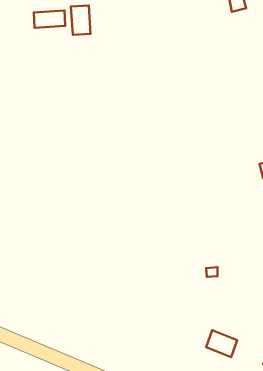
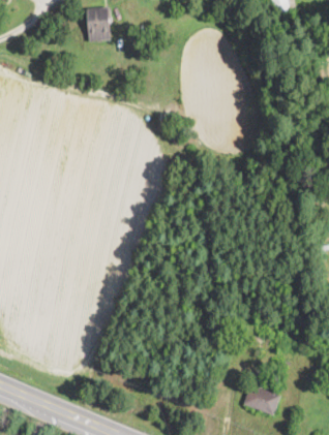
building: [34,11,65,28] -> none

